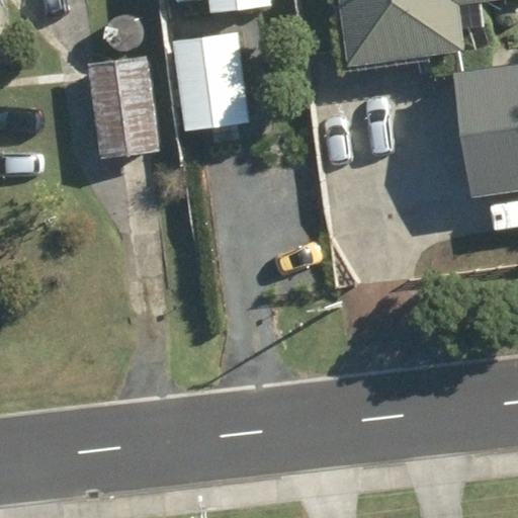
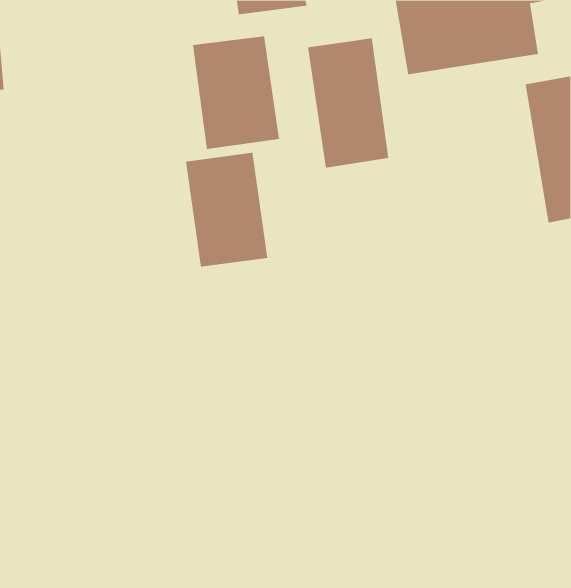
building: none -> [308,38,389,168]
building: [85,58,158,159] -> [185,152,268,267]

